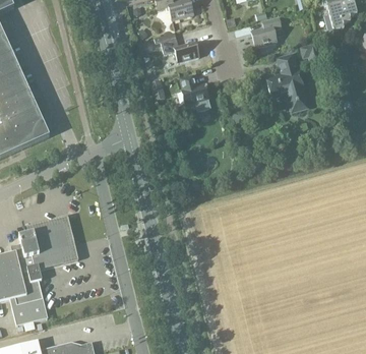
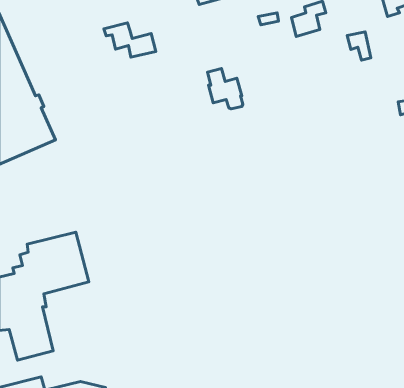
building: [154,32,198,61] -> [104,23,156,57]
building: [266,54,308,112] -> none

